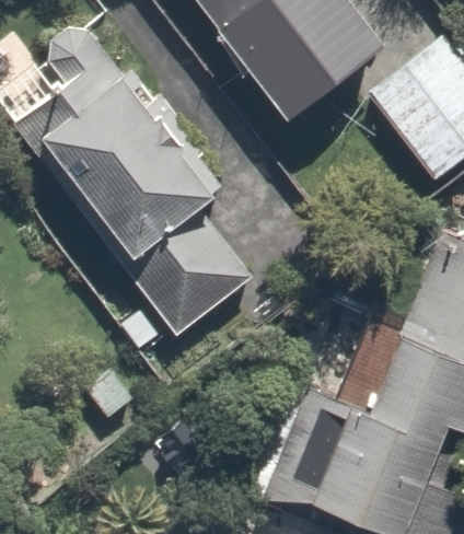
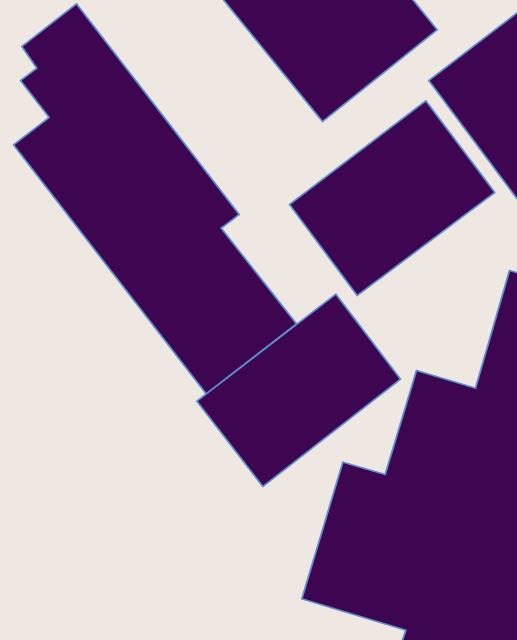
building: none -> [290,101,495,296]
building: none -> [197,294,400,486]

